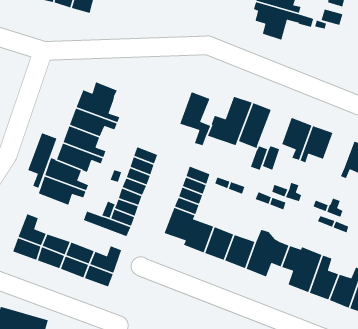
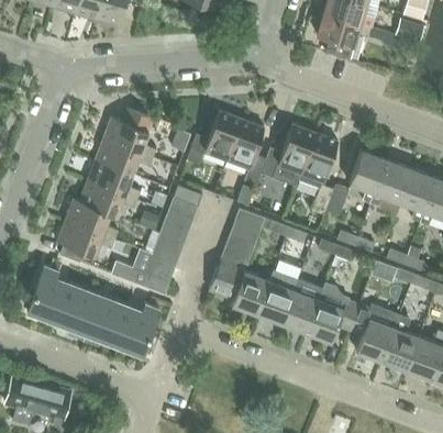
building: none -> [185,110,241,164]
building: [27,132,58,189] -> none
building: none -> [399,168,435,221]

